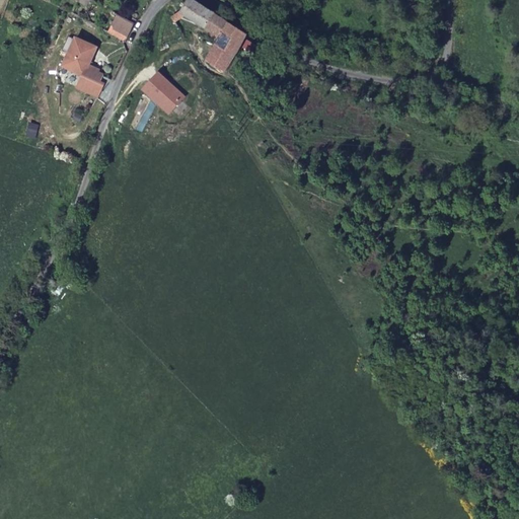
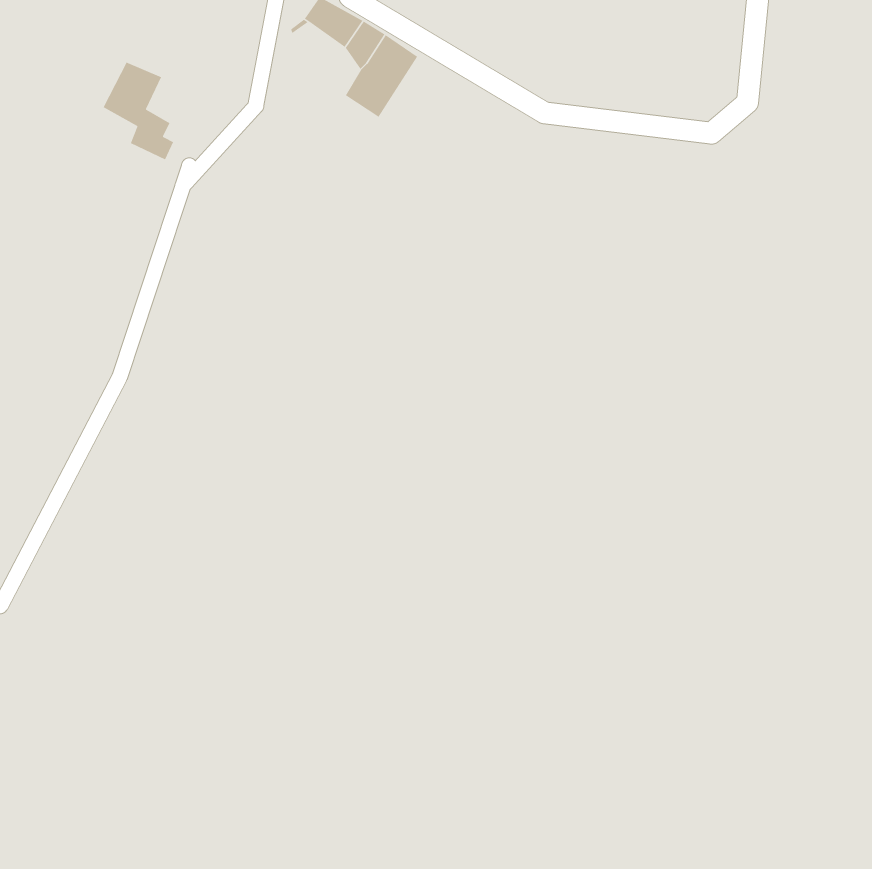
building: [107,13,134,42] -> none
building: [143,73,183,113] -> none

